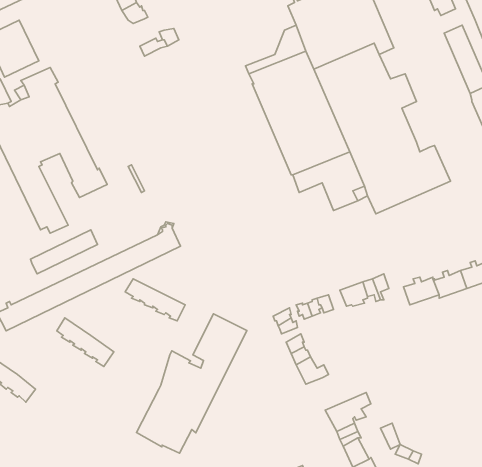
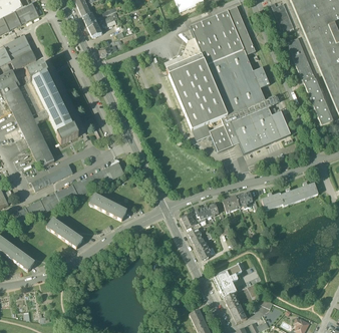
building: [137,314,247,453] -> none

